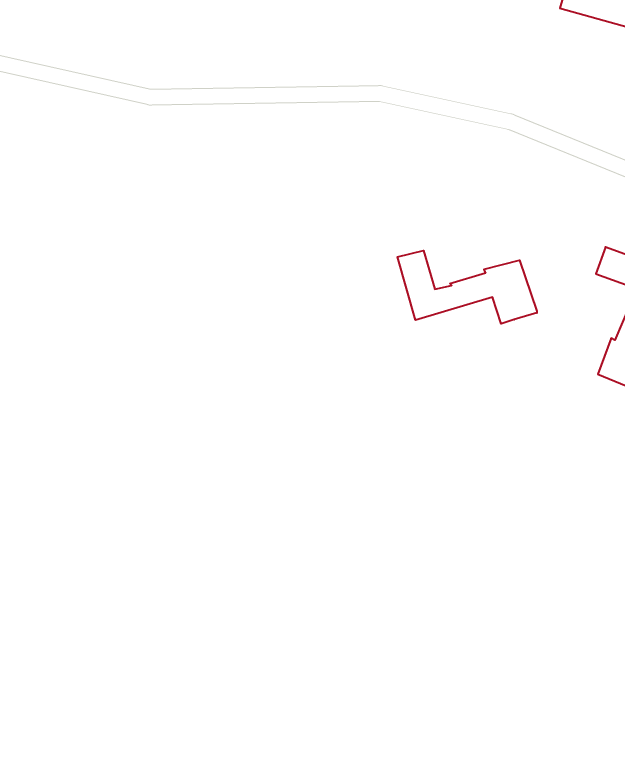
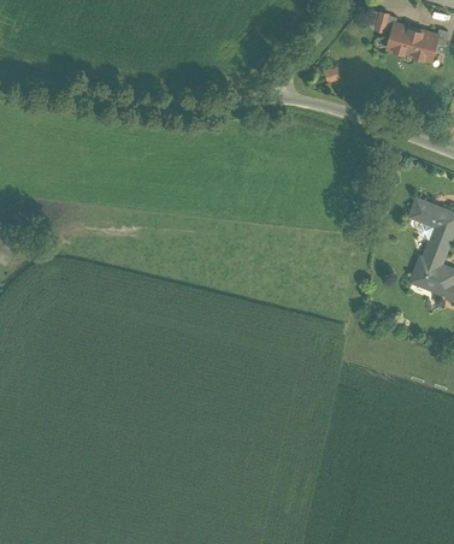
building: [397,251,537,324] -> none

